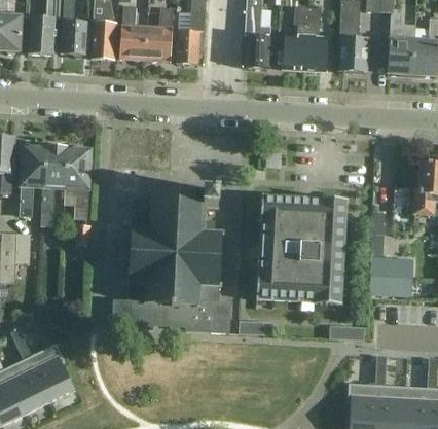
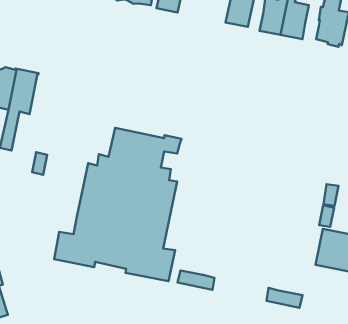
building: [64,145,89,218] -> none
building: [255,193,346,303] -> none

